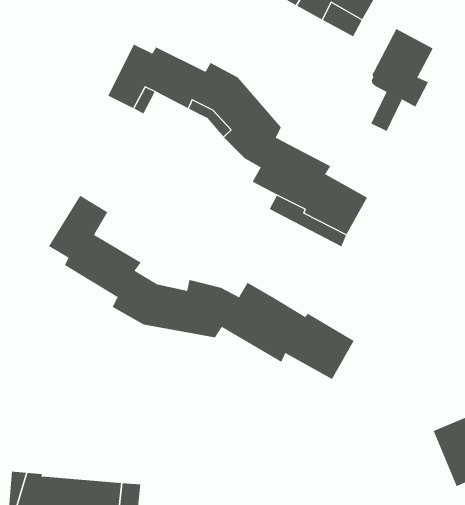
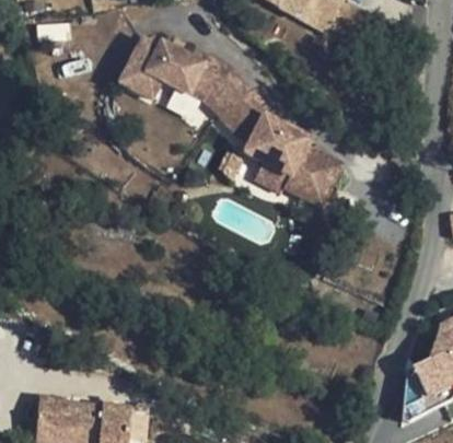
building: [370,28,434,132] -> none
building: [48,195,354,380] -> none

